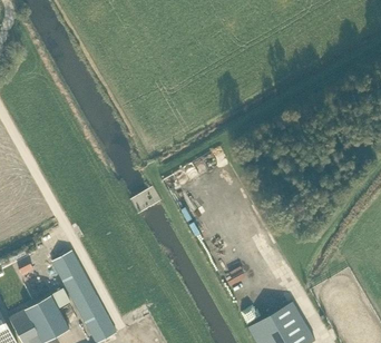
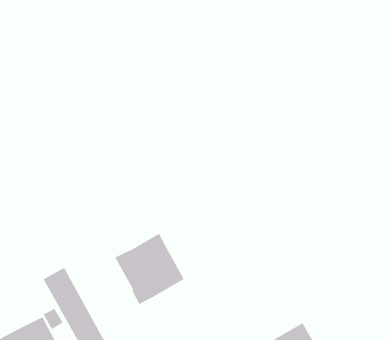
building: none -> [115,233,184,305]

